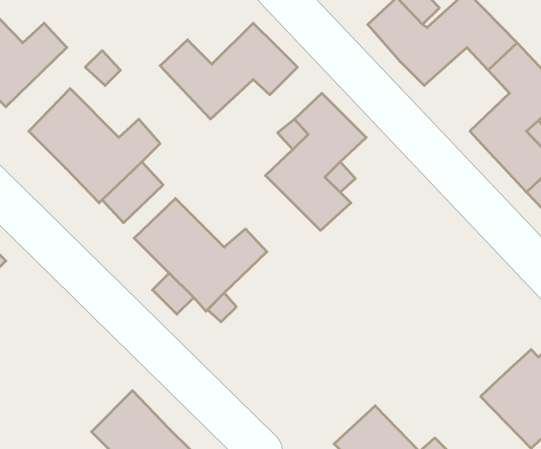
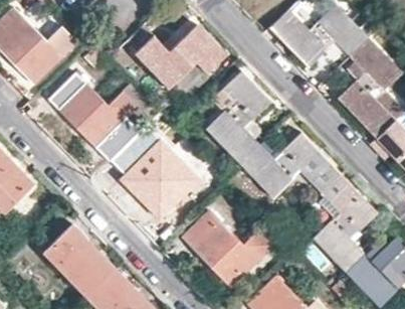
building: none -> [239,133,378,273]
building: none -> [185,212,271,285]
building: none -> [44,223,116,296]

